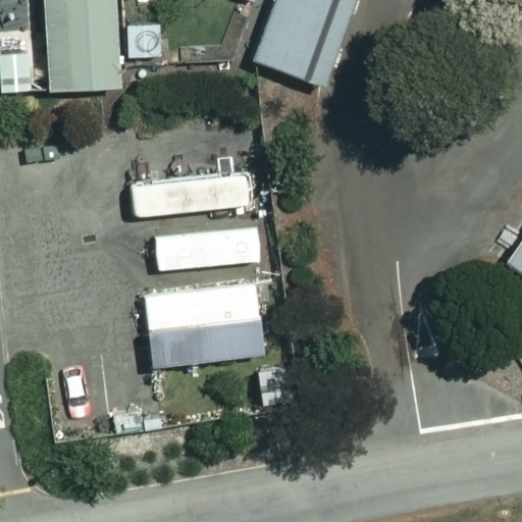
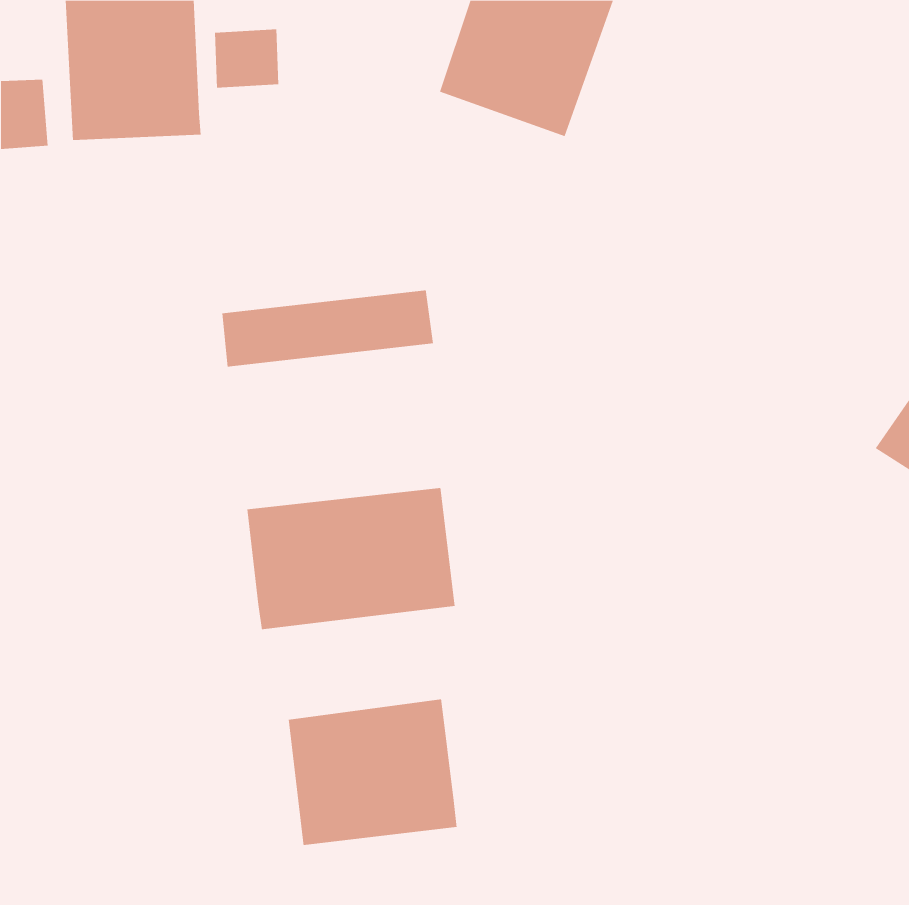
building: none -> [288,699,457,846]

